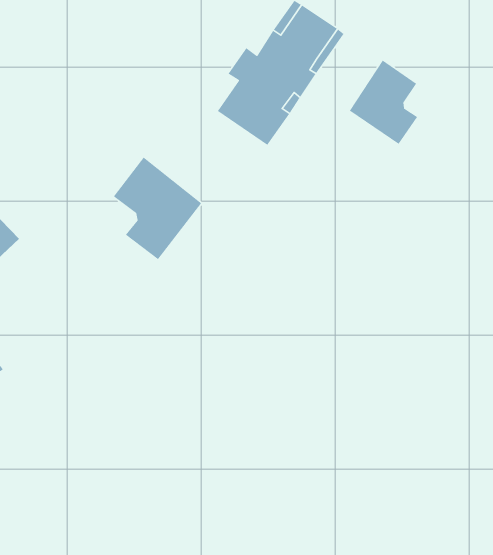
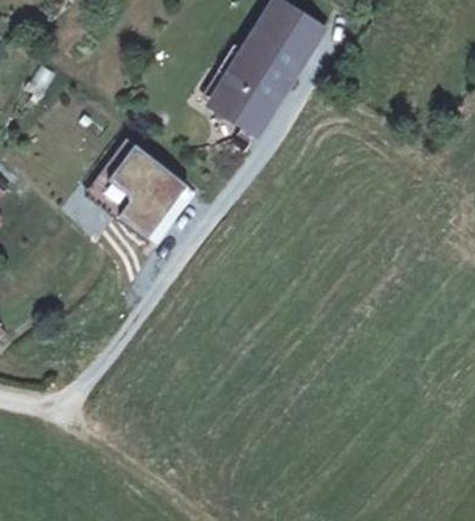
building: [349,60,418,145] -> none

